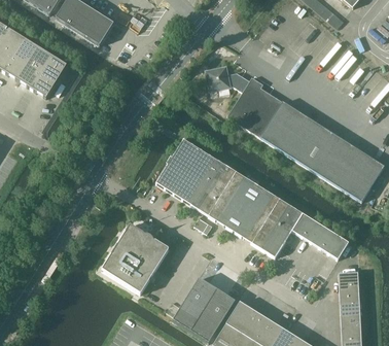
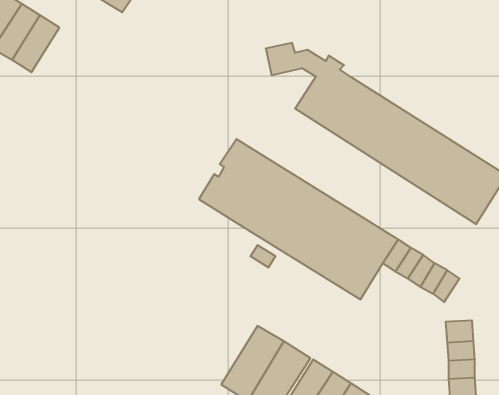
building: [32,56,67,97] -> none
building: [102,223,169,292] -> none

